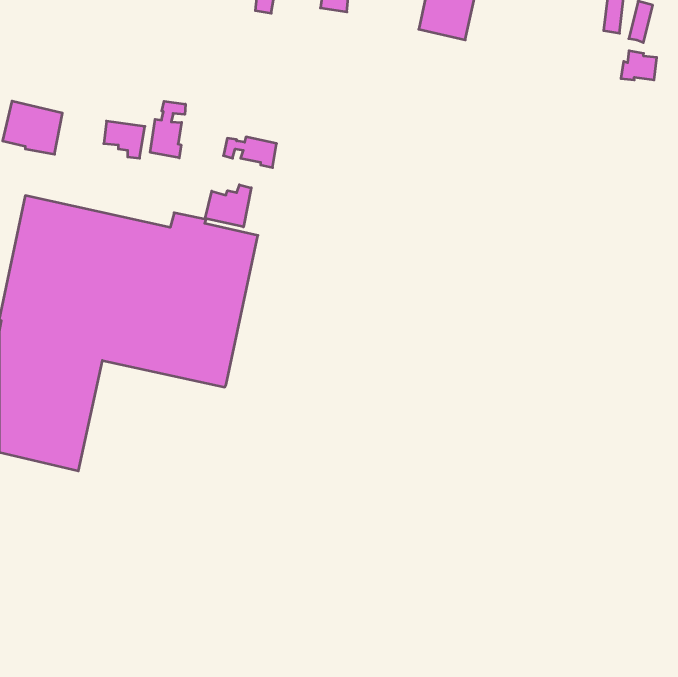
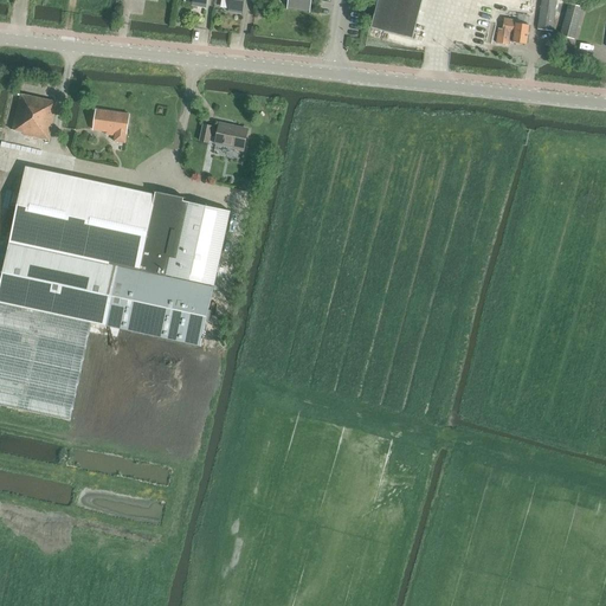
building: [621,51,657,80] -> [496,17,528,43]
building: [150,101,185,158] -> none
building: [205,185,251,227] -> none

